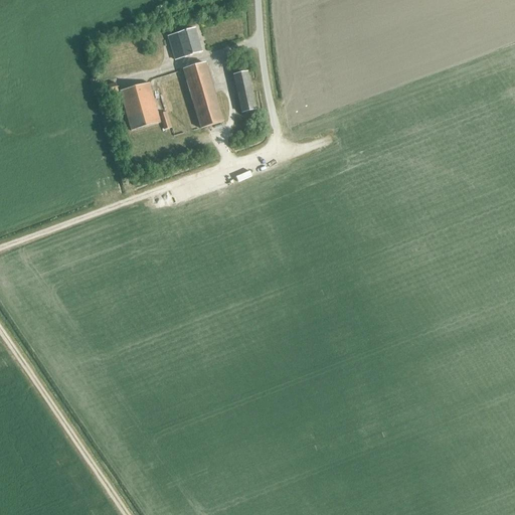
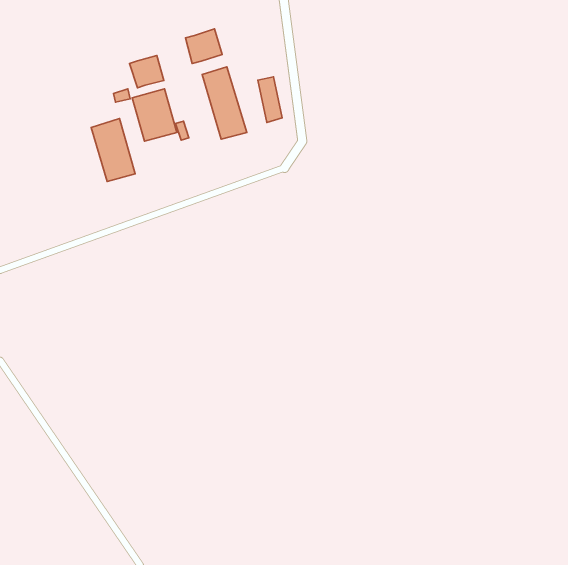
building: none -> [130,56,164,88]
building: none -> [91,118,135,182]

